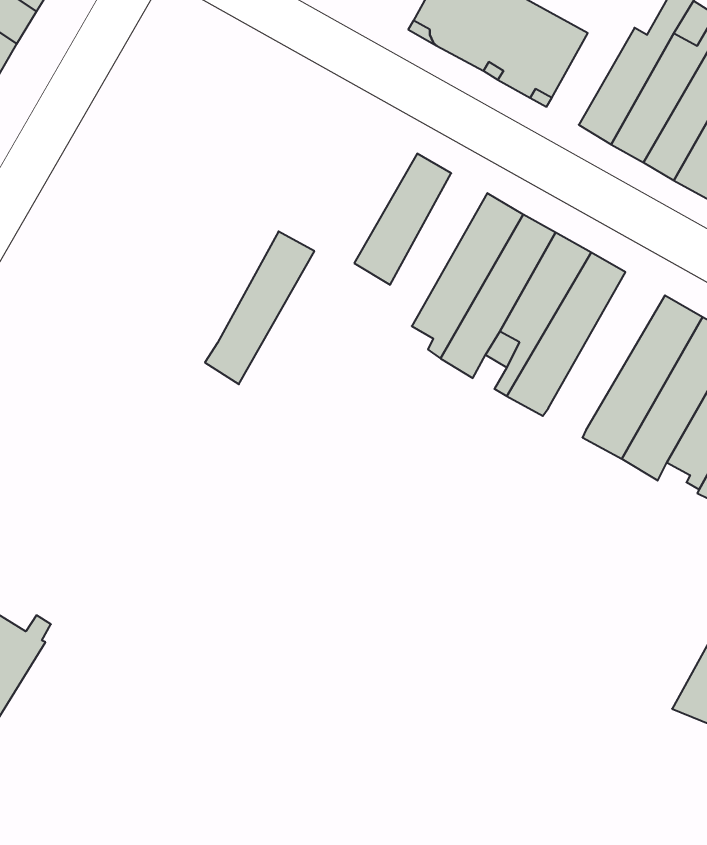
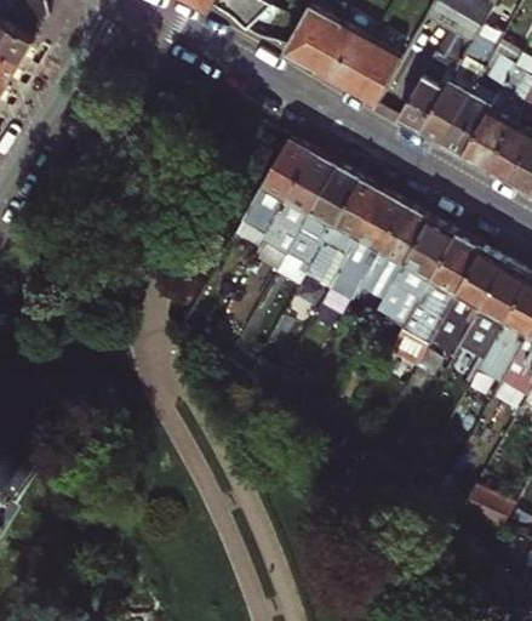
building: [205,231,314,384] -> [261,152,334,255]
building: none -> [376,218,454,325]

